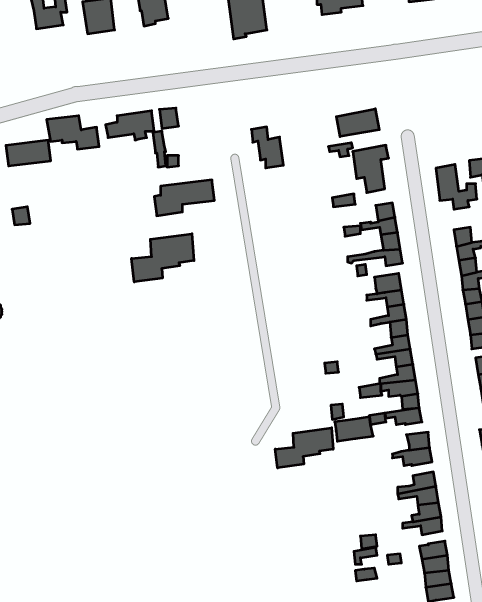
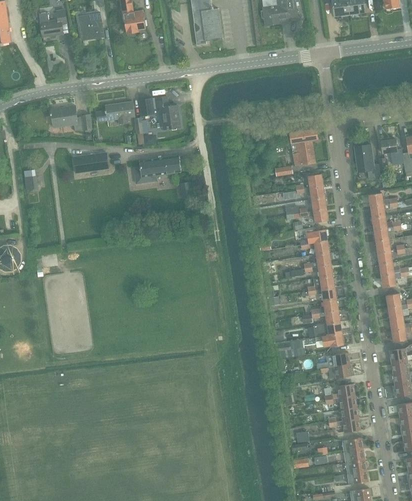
building: [336,109,379,137] -> none
building: [251,127,283,168] -> [155,97,180,129]
building: [6,140,51,166] -> [73,152,108,172]
building: [132,234,194,282] -> none
building: [275,428,333,468] -> none

